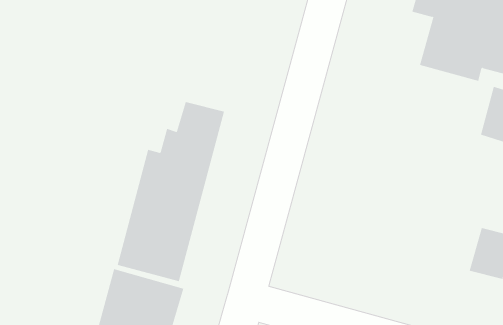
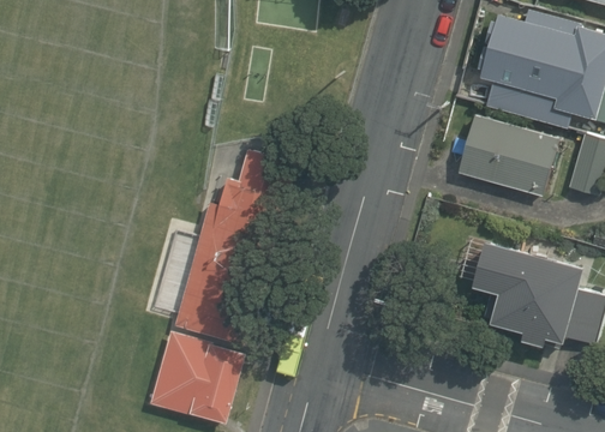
building: none -> [459,112,558,196]
building: none -> [450,222,575,332]

